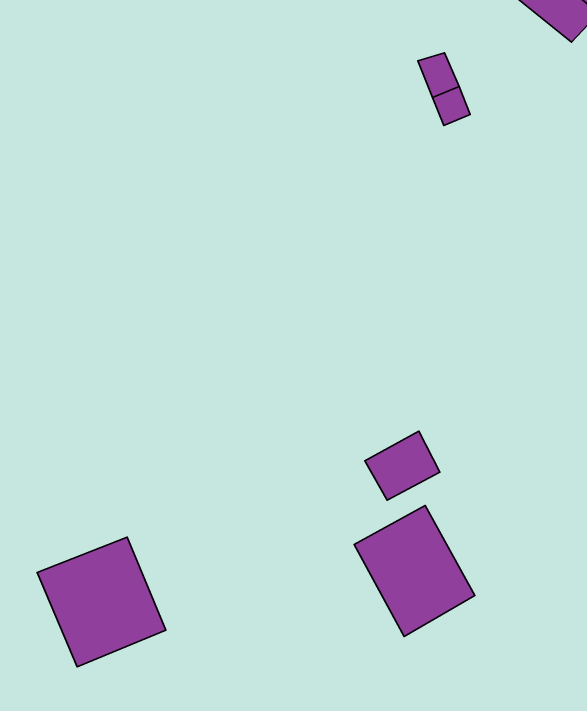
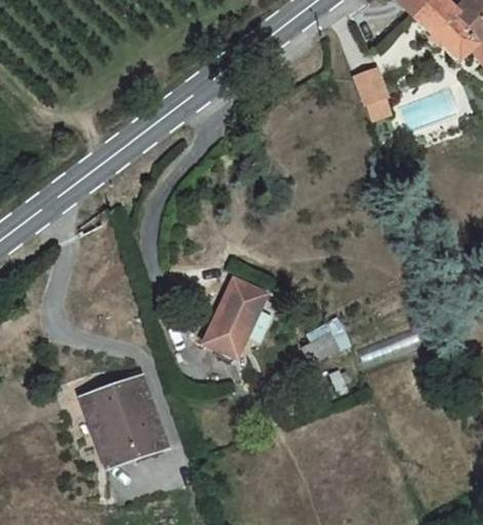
building: none -> [202,282,267,361]
building: [354,506,475,637] -> none

